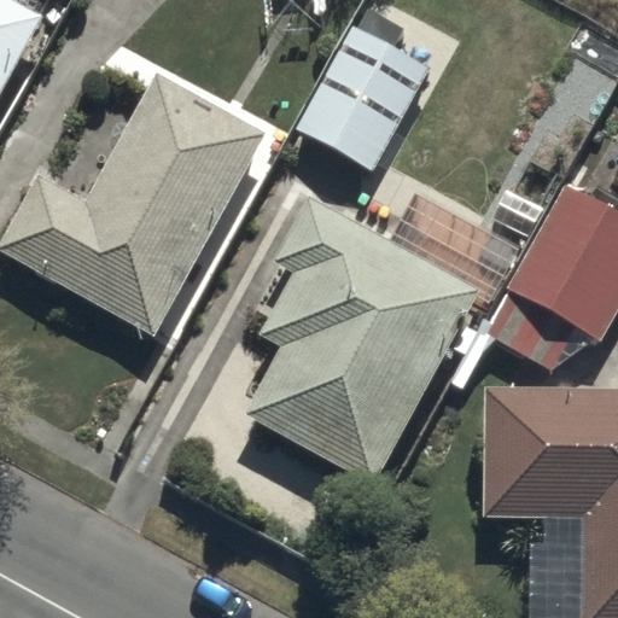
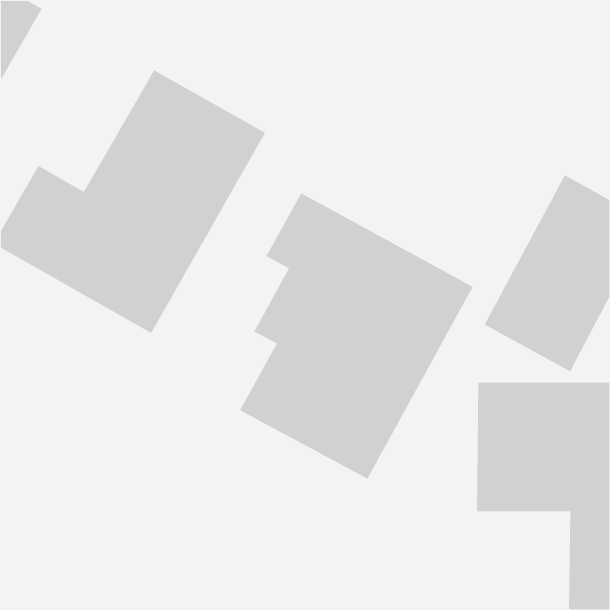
building: [295,27,430,174] -> none

